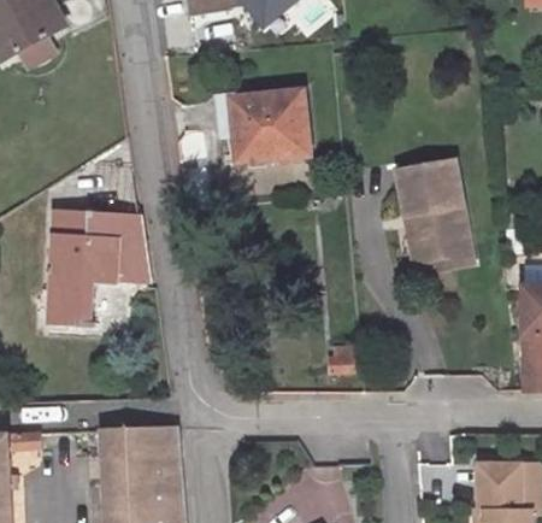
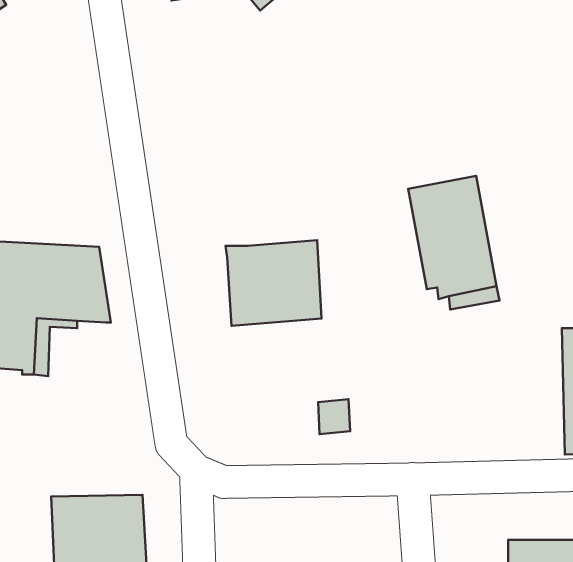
building: [223,93,302,164] -> [226,240,321,326]

